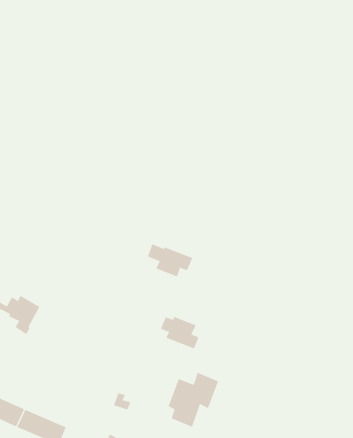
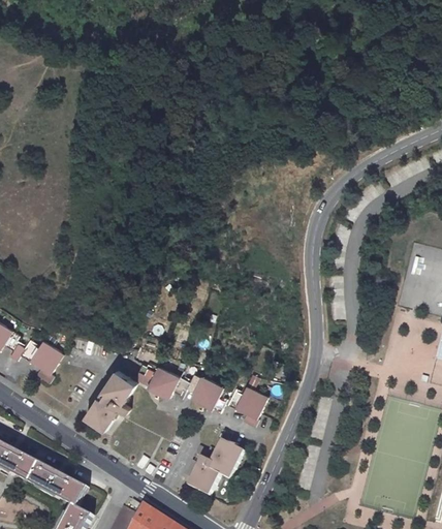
building: [147,244,193,277] -> [138,363,188,401]
building: none -> [85,372,136,432]
building: none -> [232,383,272,426]

